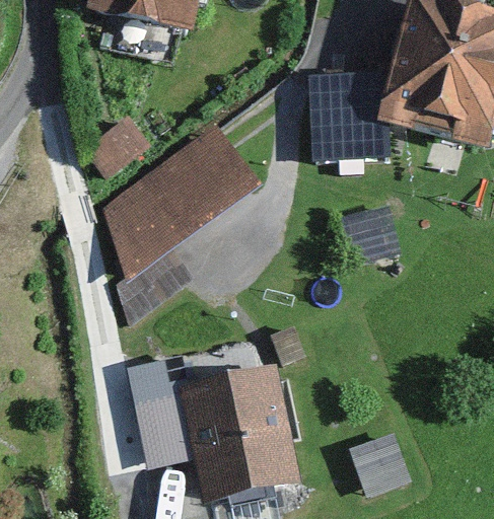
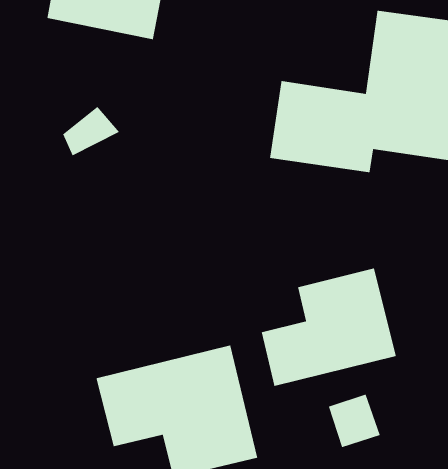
building: [108,125,257,310] -> none
building: none -> [261,268,397,387]

